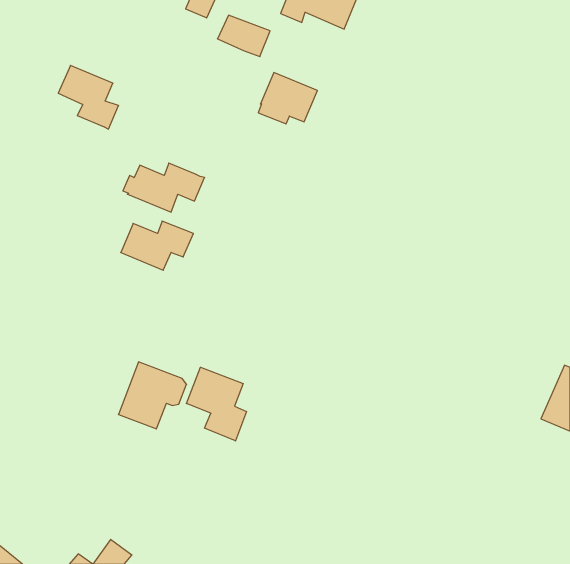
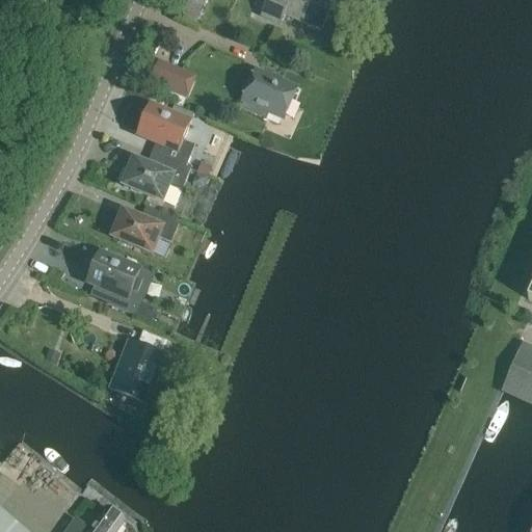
building: [217,15,270,57] -> [148,55,196,94]
building: [58,65,119,129] -> [139,105,195,164]
building: none -> [88,250,144,311]
building: [186,367,246,441] -> none

